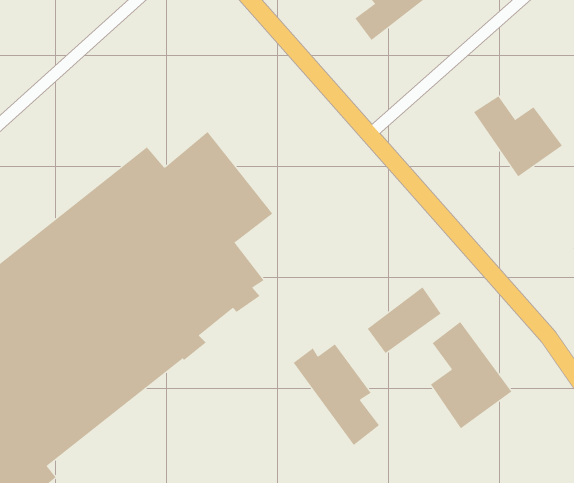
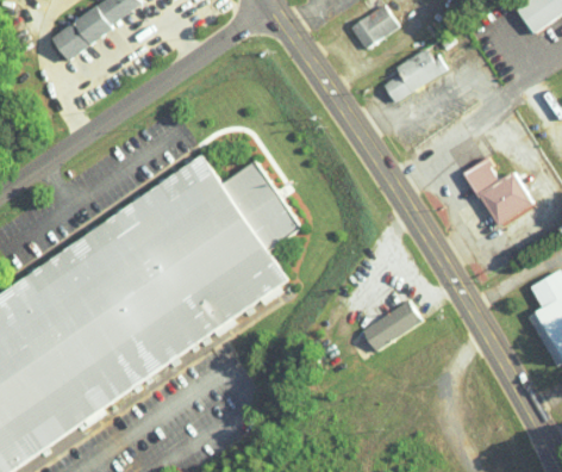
building: [430,321,512,429] -> none
building: [293,343,380,446] -> none

